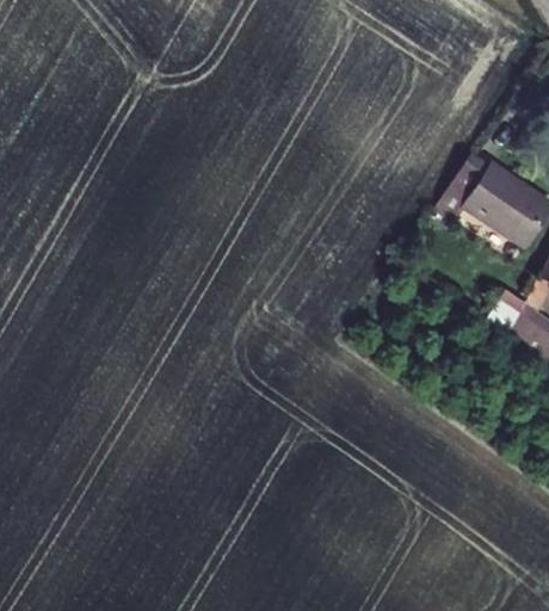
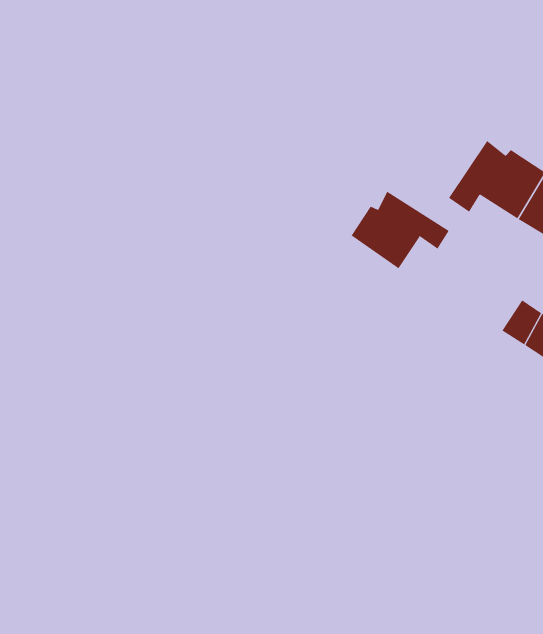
building: none -> [351,191,449,269]

